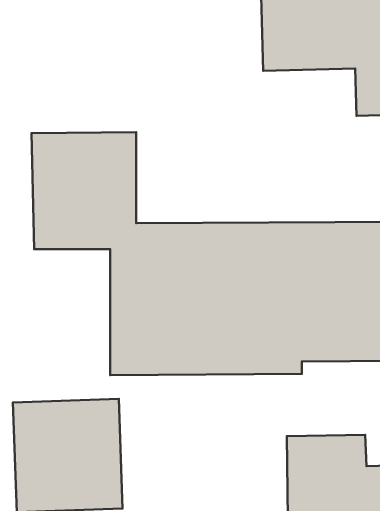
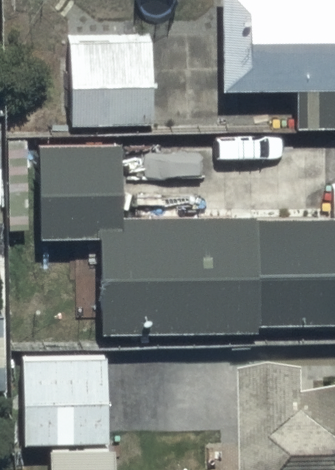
building: none -> [68,42,155,128]

